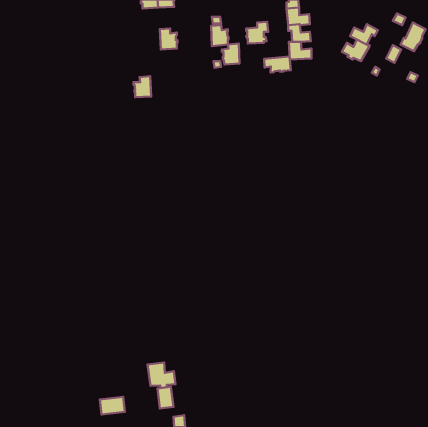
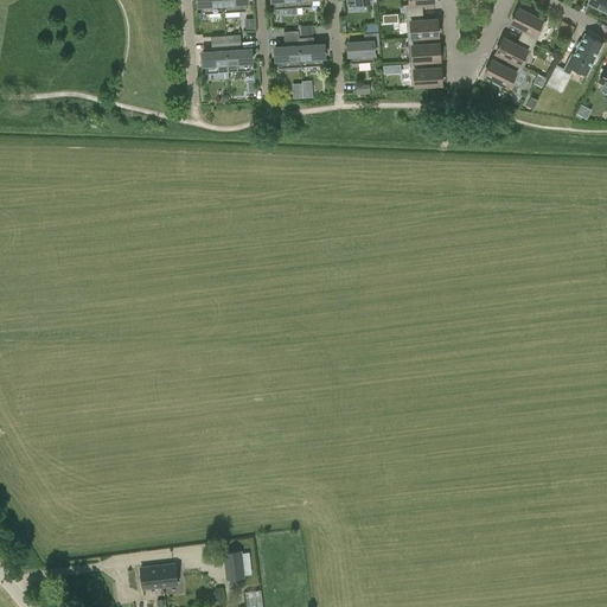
building: none -> [512,6,545,43]
building: [222,44,240,64] -> [275,37,300,66]
building: [264,56,291,72] -> none
building: [133,76,151,97] -> [203,41,228,71]
building: [148,362,176,388] -> none

